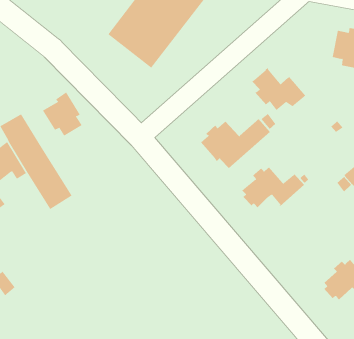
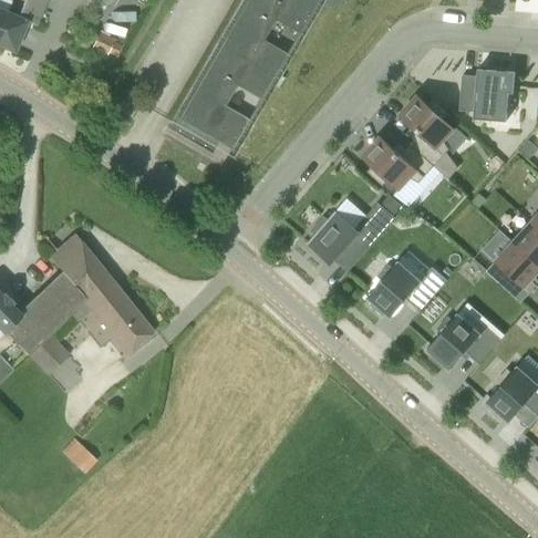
building: none -> [400,95,455,165]
building: [42,92,82,137] -> none
building: none -> [428,313,503,369]

